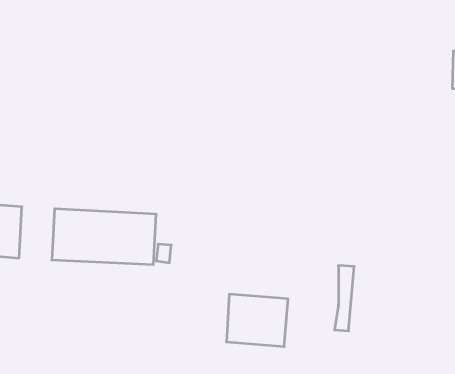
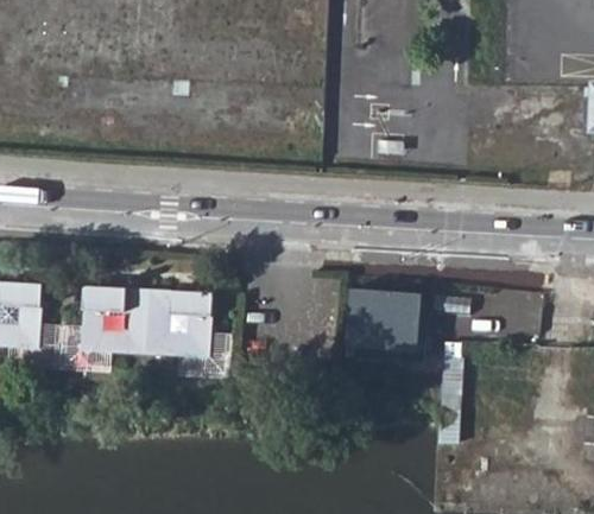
building: [226,294,288,347] -> [347,285,425,351]

